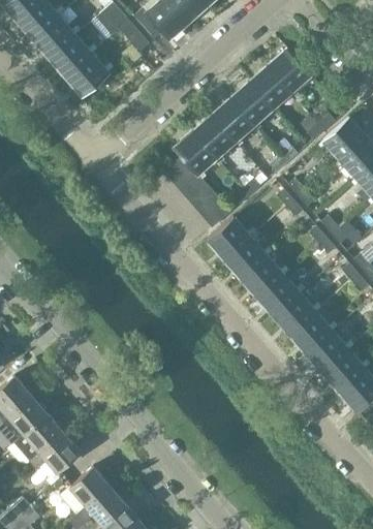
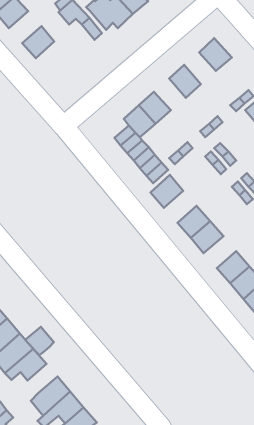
building: [34,18,74,57] -> none
building: [67,55,106,95] -> none
building: [250,68,289,107] -> none
building: [213,100,252,139] -> none
building: [225,239,266,278] -> none
building: [274,294,314,334] -> none
building: none -> [25,327,54,355]

